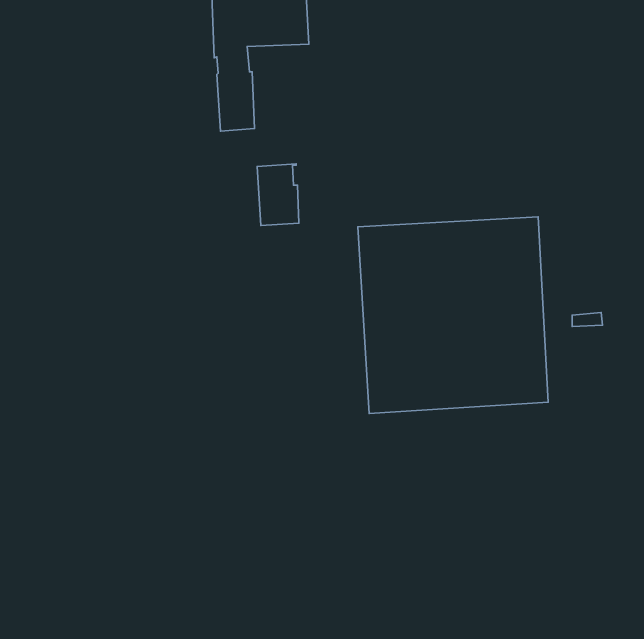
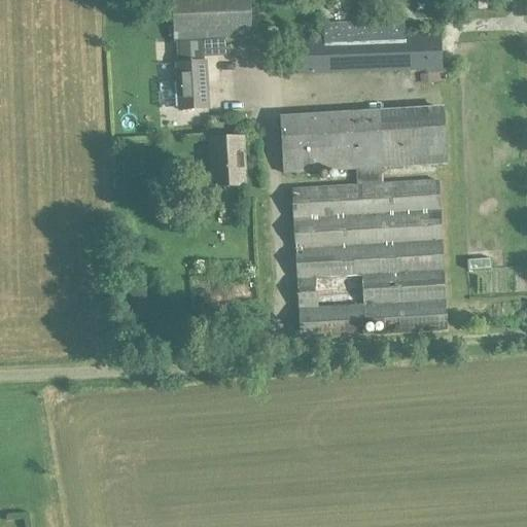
building: none -> [294,17,443,72]
building: none -> [281,104,448,171]

